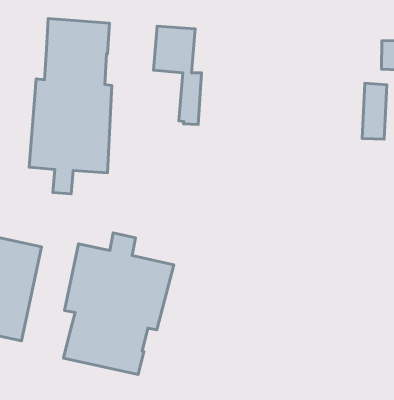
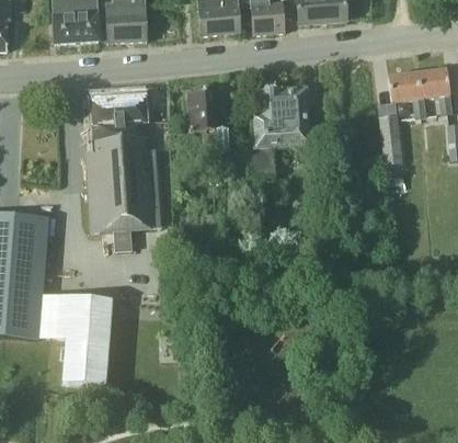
building: none -> [247,82,309,175]
building: [64,233,174,374] -> none

